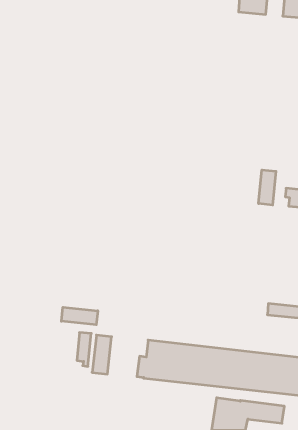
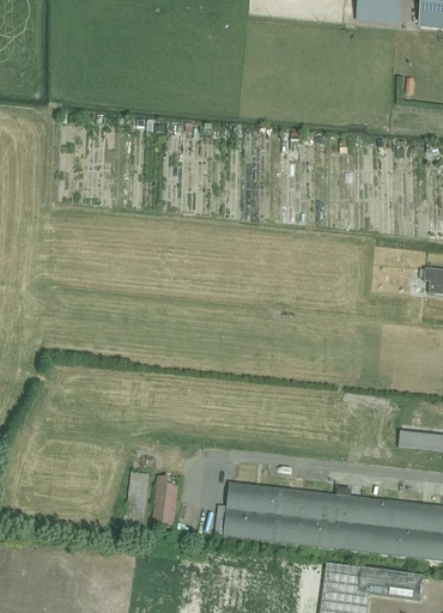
building: [259,170,276,205] -> none
building: [61,307,98,325] -> none

